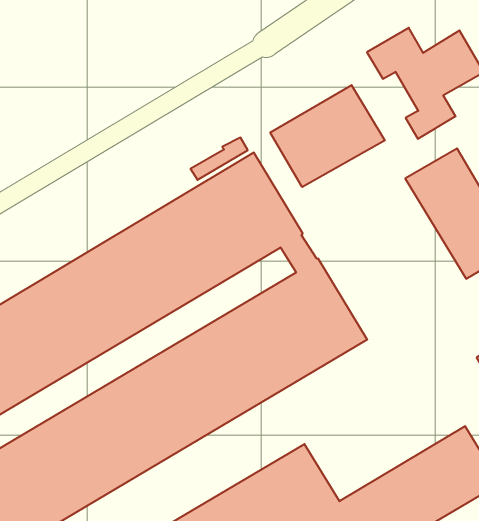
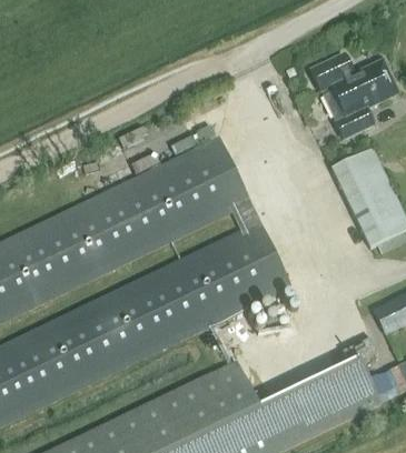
building: [270,85,385,187] -> none

